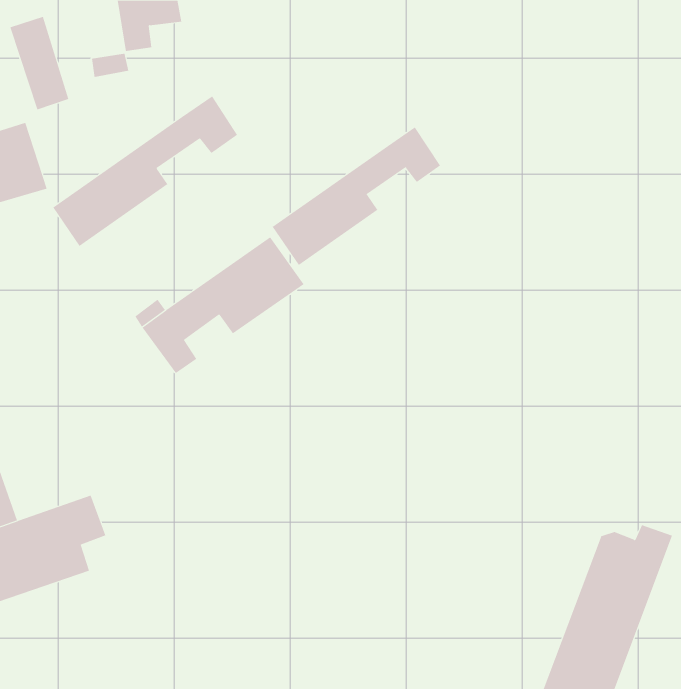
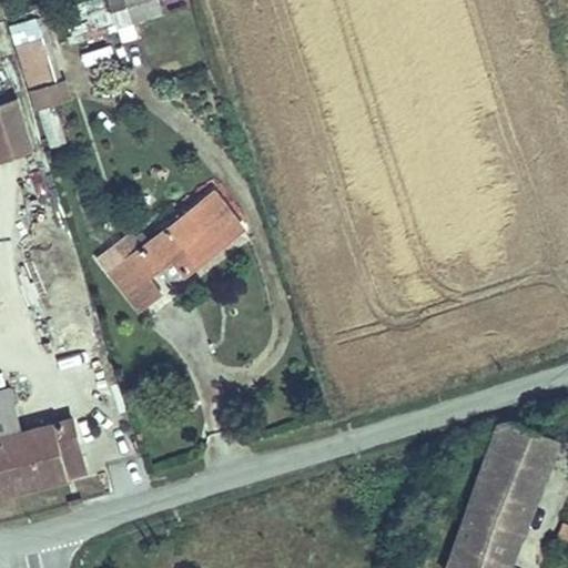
building: [53,96,238,247] -> none
building: [272,127,441,266] -> none

